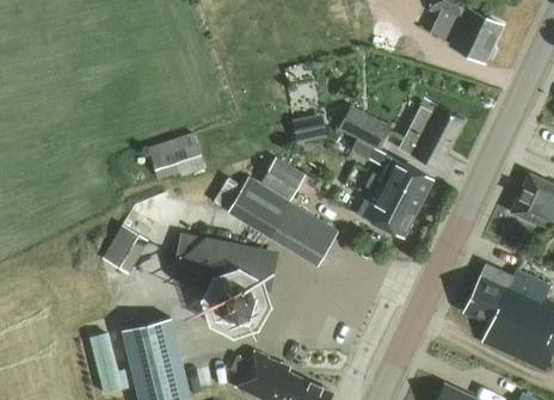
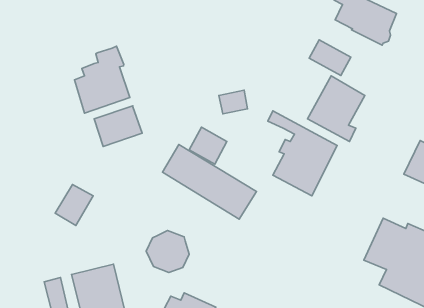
building: none -> [75,46,130,113]
building: [340,106,389,148] -> [309,40,351,75]
building: [170,233,277,293] -> none

